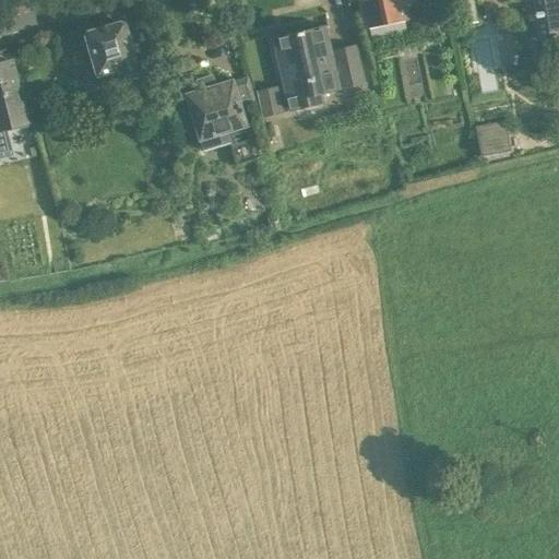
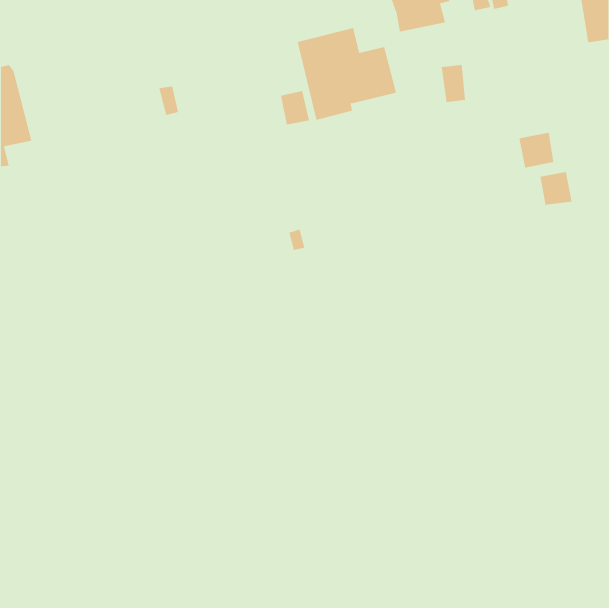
building: [84,21,139,81] -> none
building: [185,75,260,165] -> none
building: none -> [540,171,572,206]

